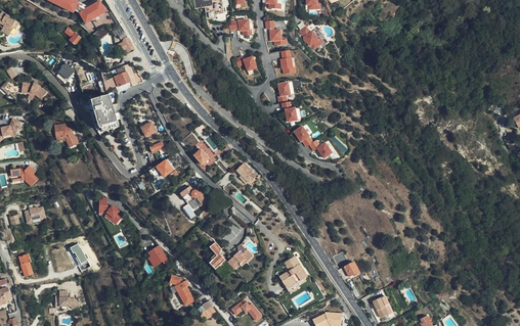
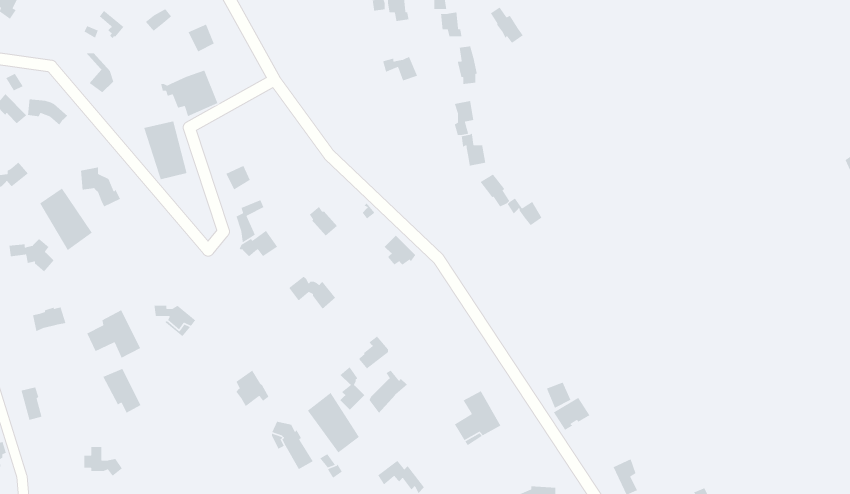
building: none -> [39,187,93,251]
building: none -> [86,309,141,359]
building: none -> [307,392,360,453]

